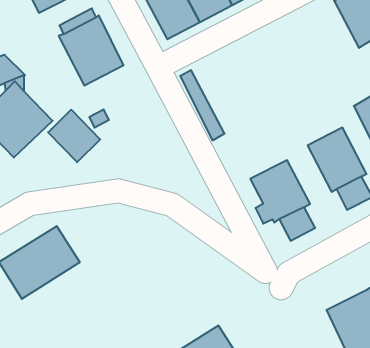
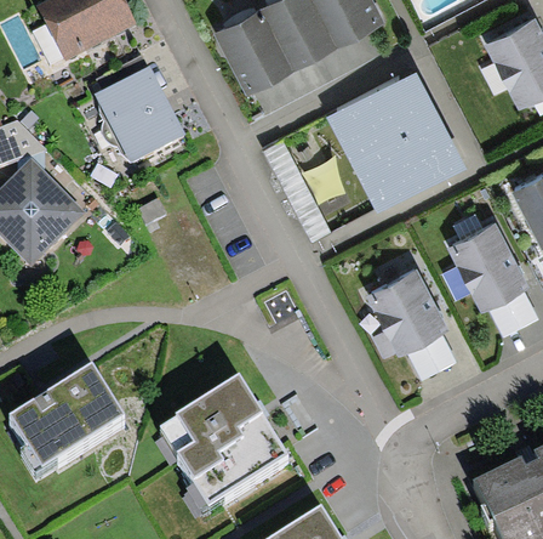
building: none -> [325,70,465,215]
building: [48,110,100,162] -> none
building: none -> [158,373,288,504]

